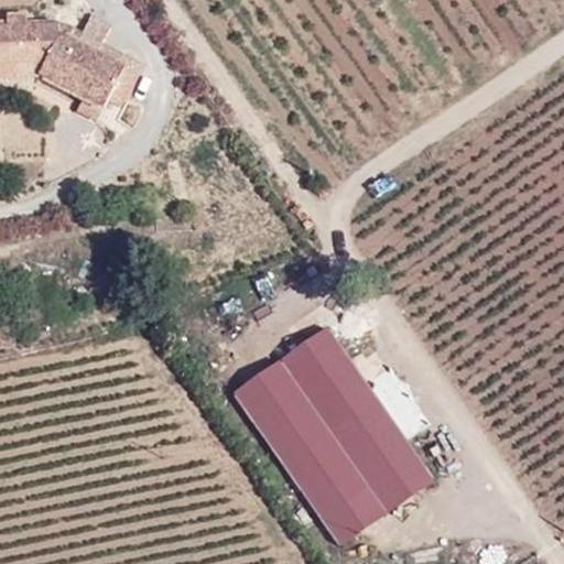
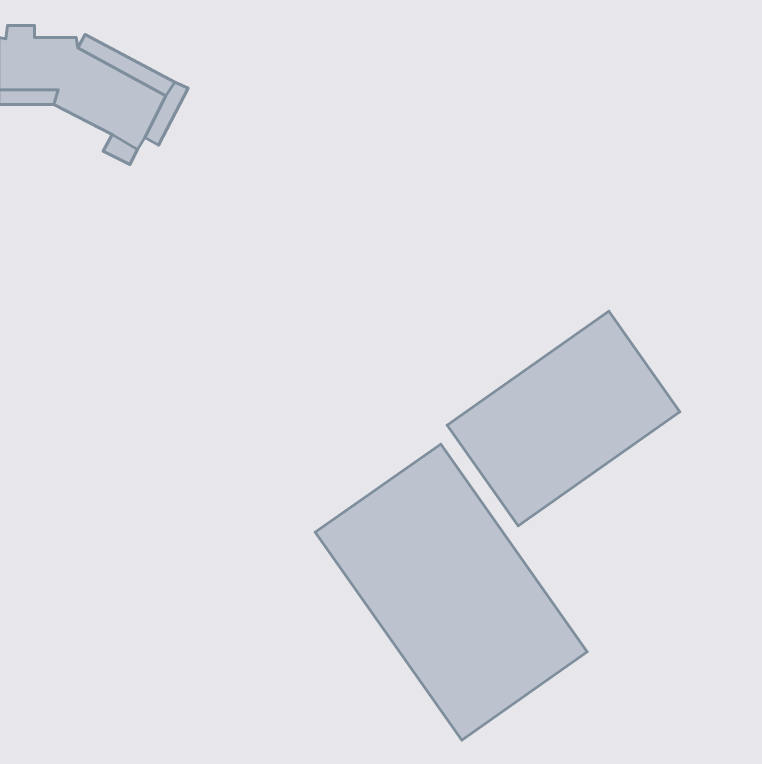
building: none -> [447,311,680,526]

